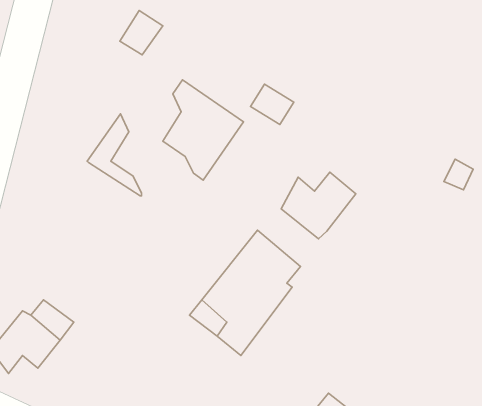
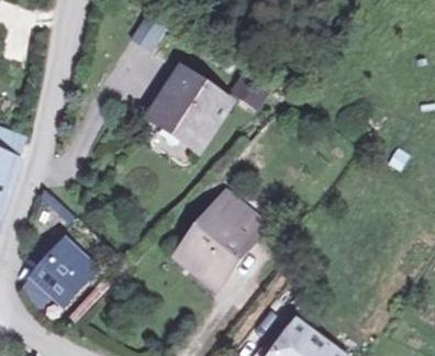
building: [87,114,141,196] -> [142,84,185,148]
building: [281,172,356,239] -> none

